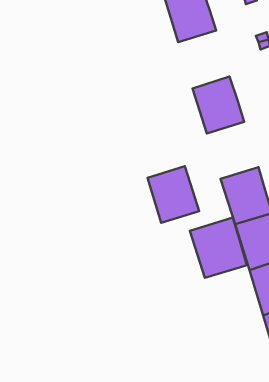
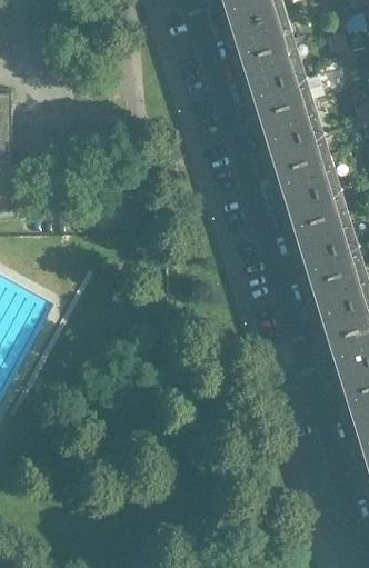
building: none -> [256,92,319,163]
building: [148,166,199,223] -> [291,205,355,275]
building: [190,218,247,278] -> none

